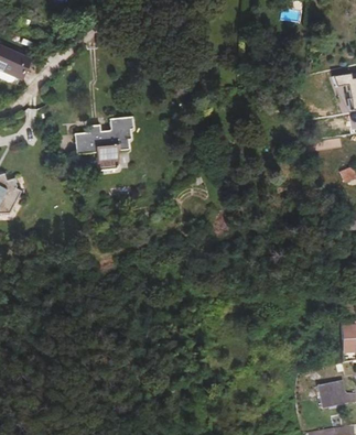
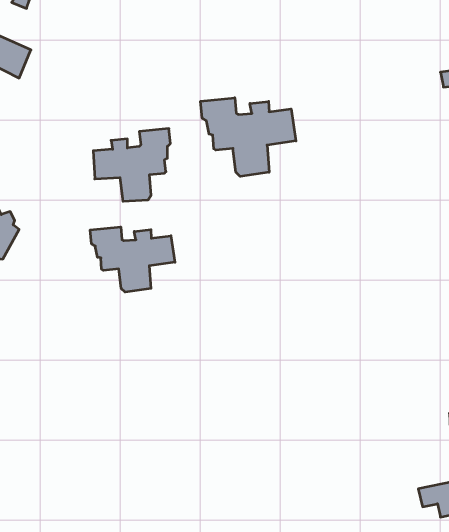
building: none -> [201,98,296,176]
building: none -> [90,227,175,292]

